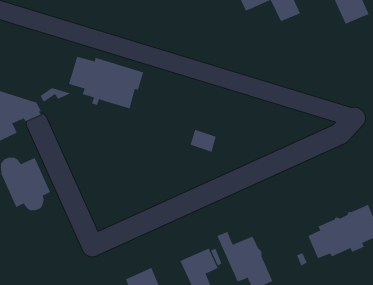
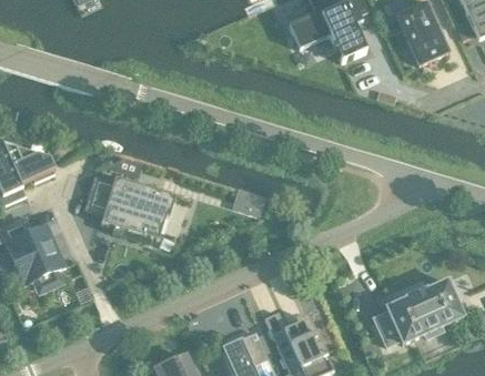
building: [68,56,144,109] -> [84,175,175,238]

